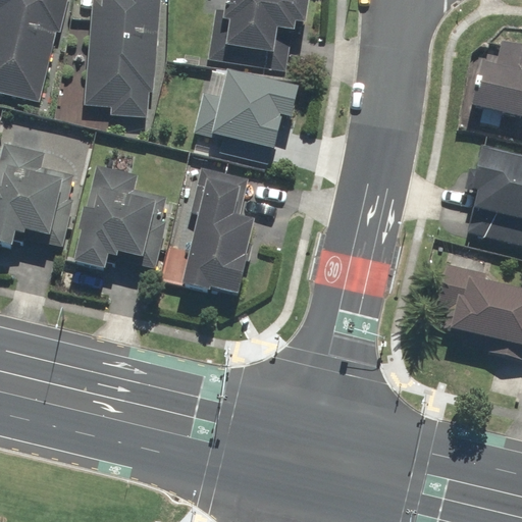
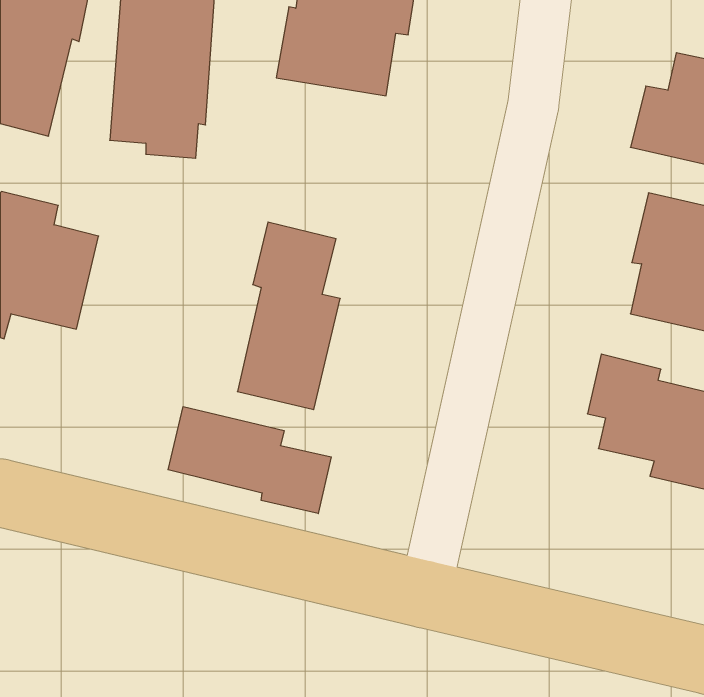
building: [195,70,297,163] -> none
building: [70,162,169,273] -> none
building: none -> [168,407,331,514]

